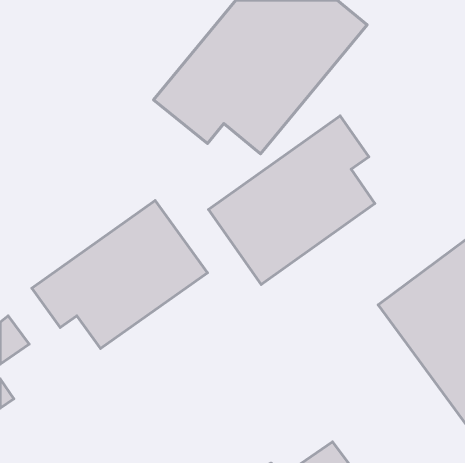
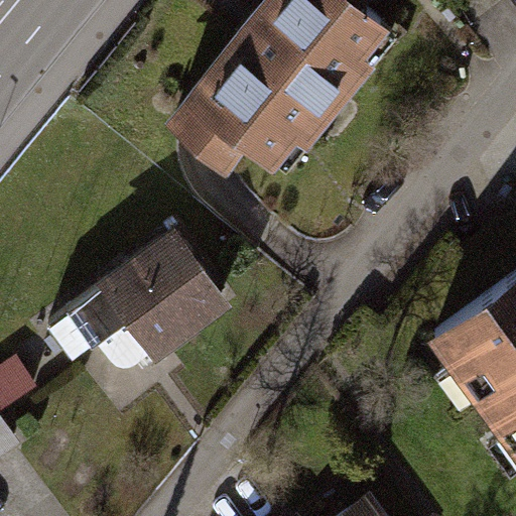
building: [209,116,375,285] -> none

